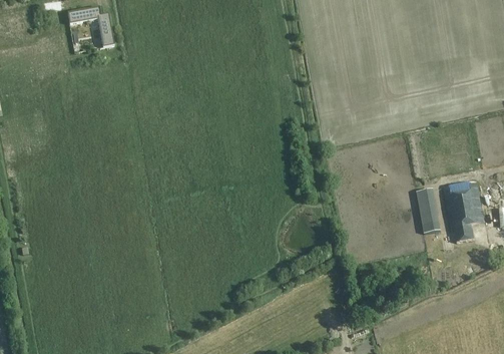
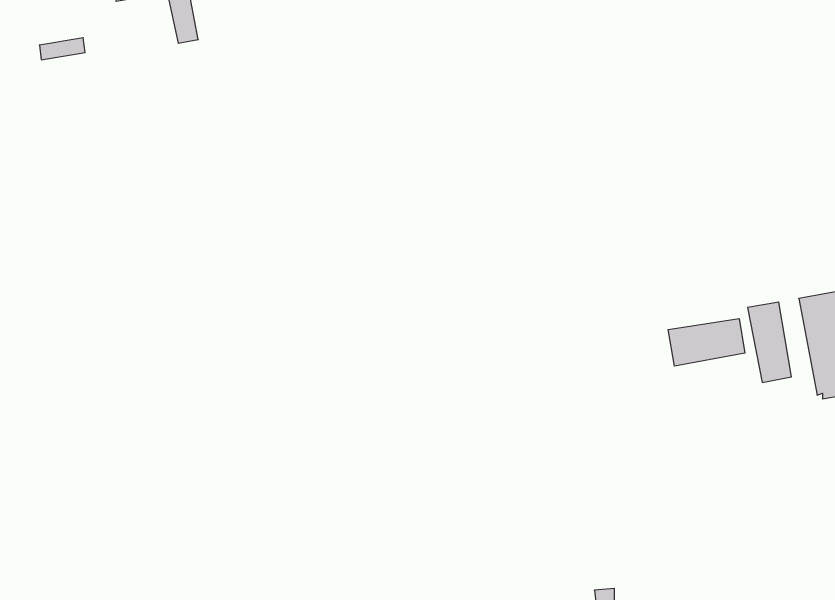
building: none -> [668,319,745,366]

